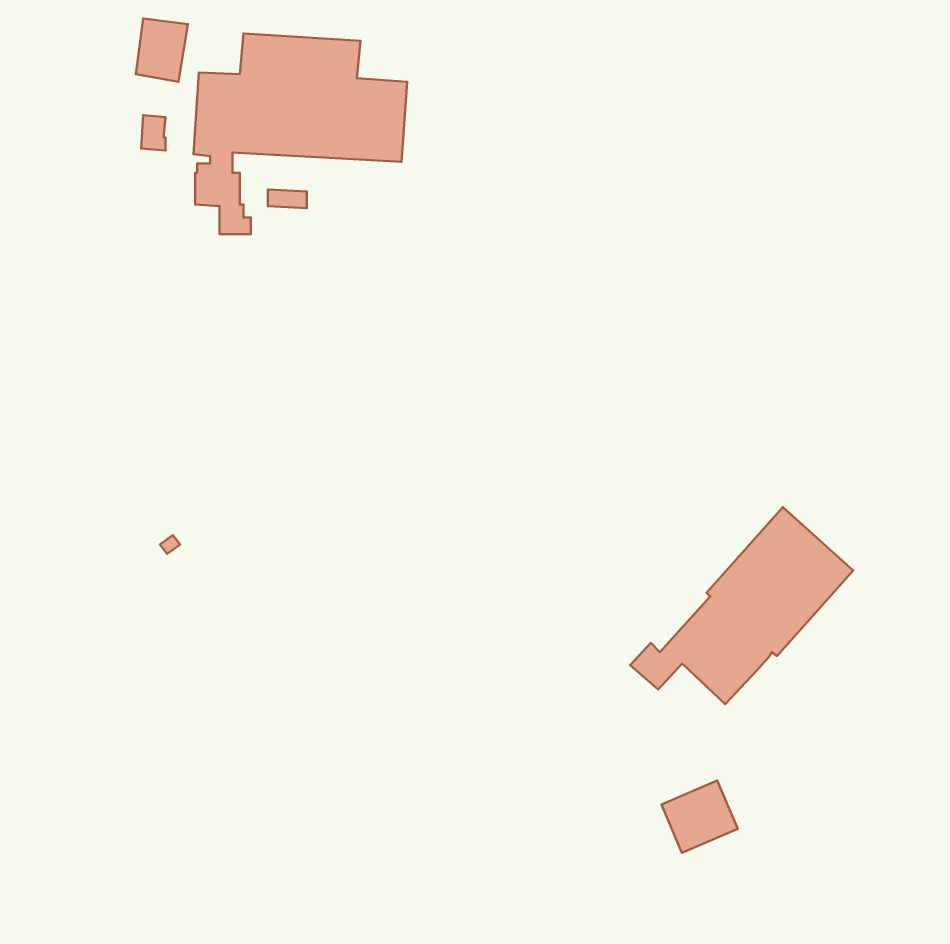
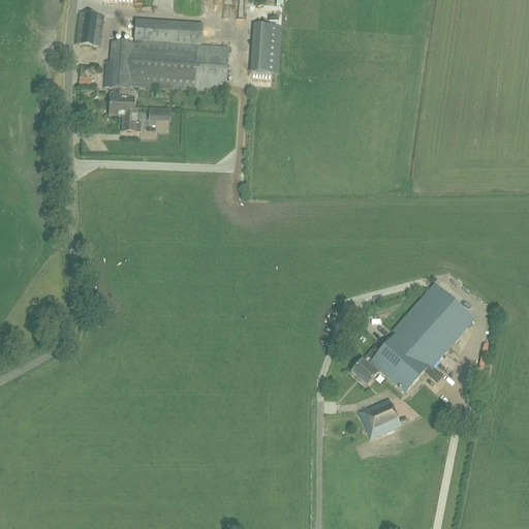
building: none -> [249,23,281,72]
building: [662,780,738,853] -> [357,396,400,436]

